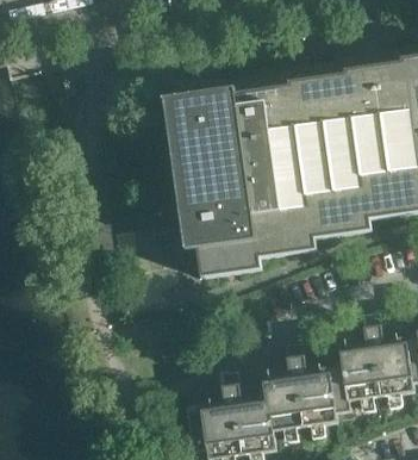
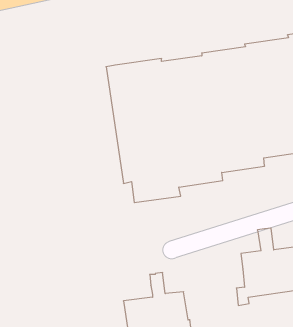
building: [261,343,343,433] -> none

